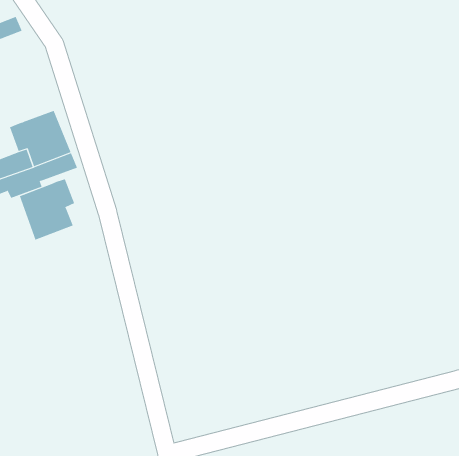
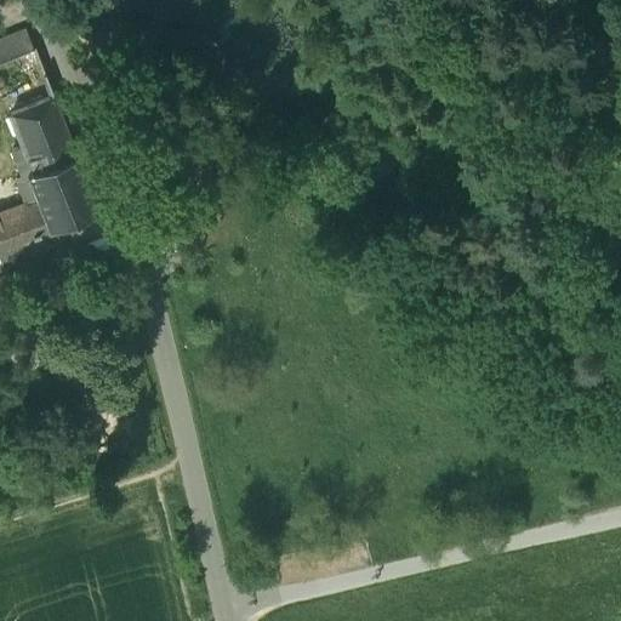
building: none -> [7,90,73,164]
building: [19,179,75,240] -> none

